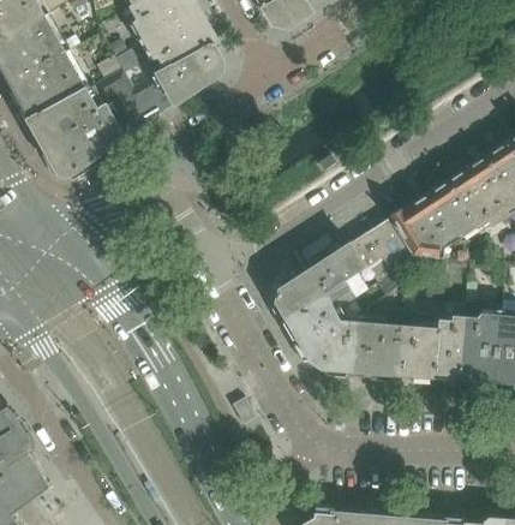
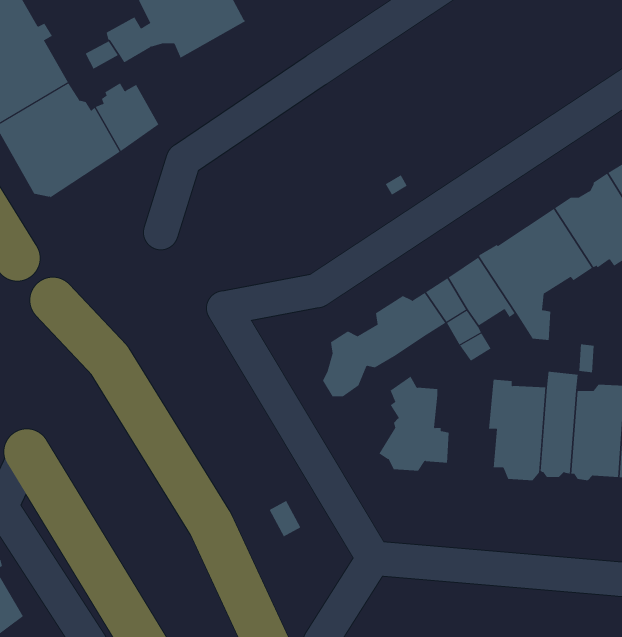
building: [134,42,221,119] -> none
building: [289,278,360,364] -> none
building: [358,308,403,381] -> none

